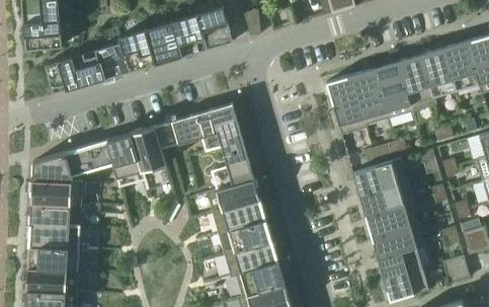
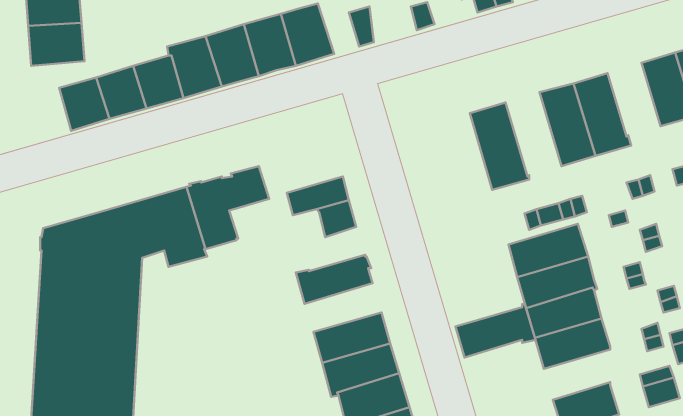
building: [420,48,457,98] -> none
building: [350,68,389,126] -> none
building: [181,103,239,141] -> none
building: [211,160,254,190] -> none
building: [213,199,265,232] -> none
building: [377,242,431,279] -> [456,304,535,357]

